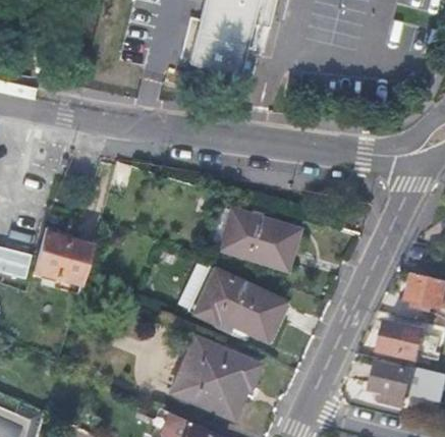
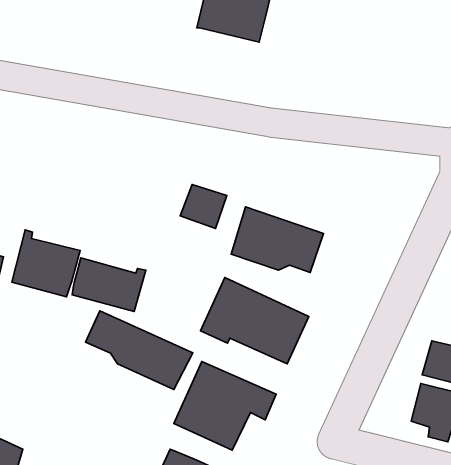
building: none -> [180,184,227,229]
building: none -> [72,258,146,312]
building: none -> [86,311,193,390]

